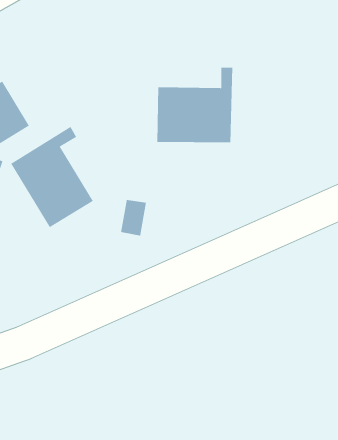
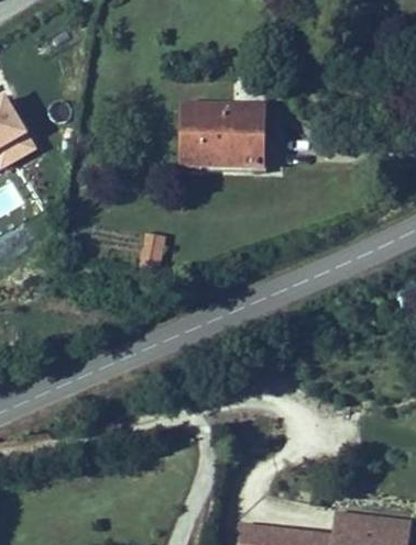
building: [10,126,94,228] -> none

